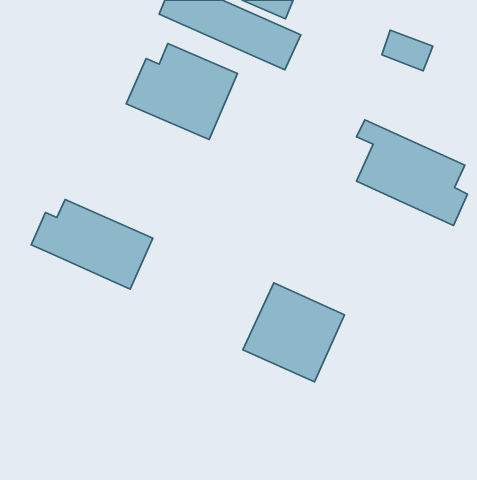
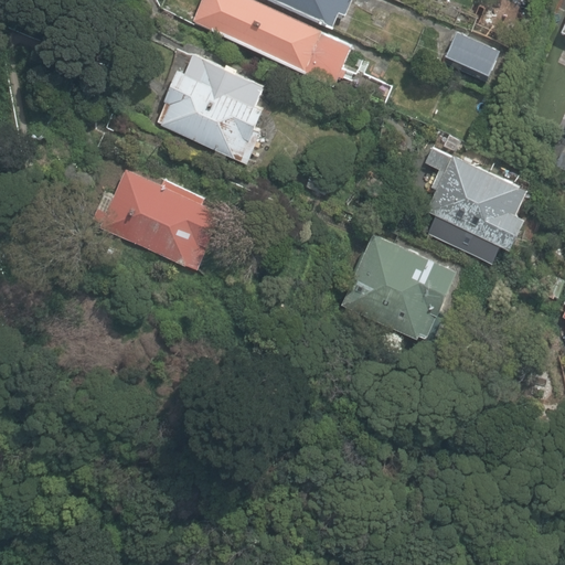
building: [31,199,153,289] -> [84,167,226,271]
building: [243,283,345,382] -> [333,230,452,345]

